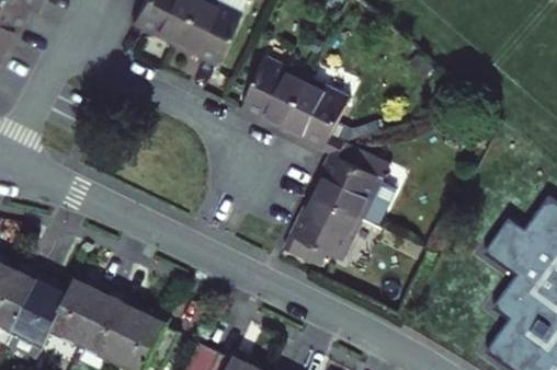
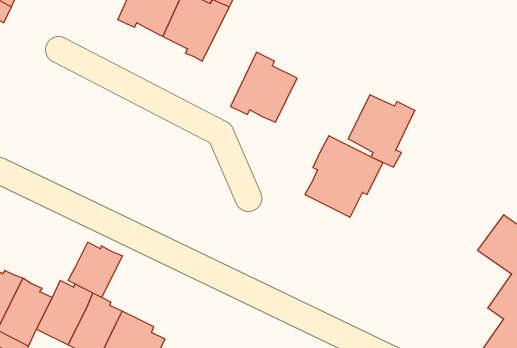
building: [284,83,349,153] -> [348,95,415,167]
building: [282,196,356,275] -> none
building: none -> [68,242,122,297]

